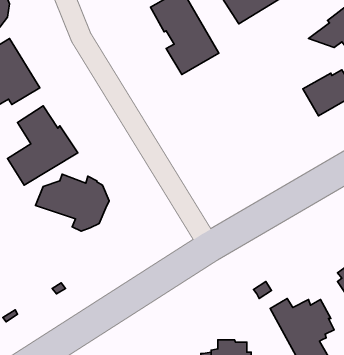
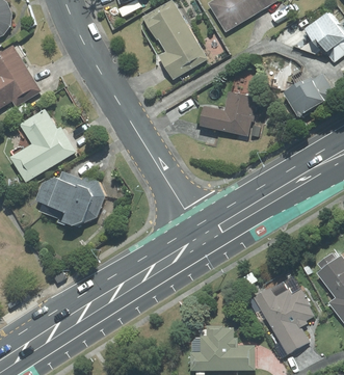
building: none -> [201,91,255,137]

